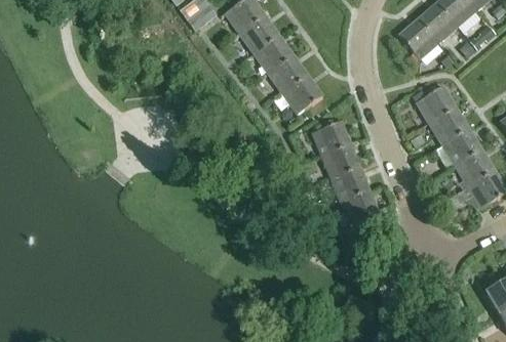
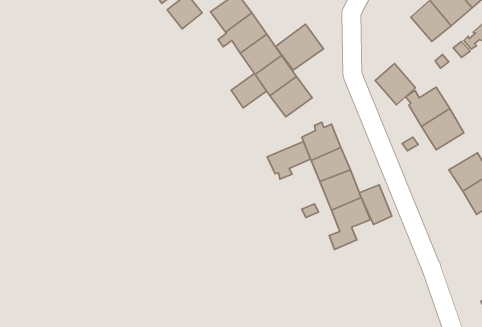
building: [399,18,438,58] -> [375,63,416,105]
building: none -> [275,24,323,70]
building: none -> [231,73,266,108]
building: [442,130,482,166] -> none
building: none -> [267,141,311,179]
building: none -> [359,185,392,224]

